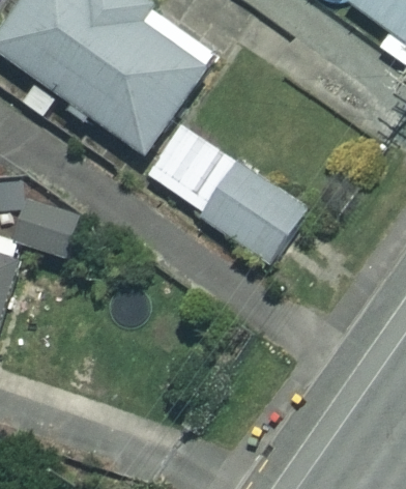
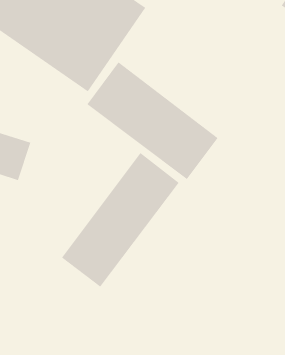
building: none -> [61,152,180,287]

